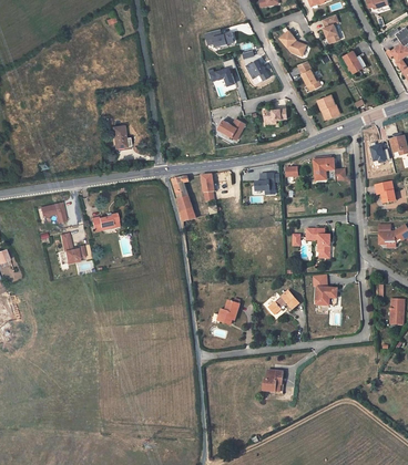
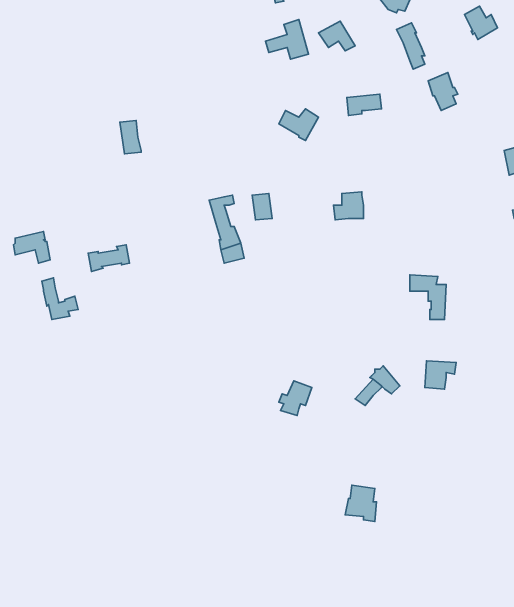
building: [314,159,345,182] -> none

